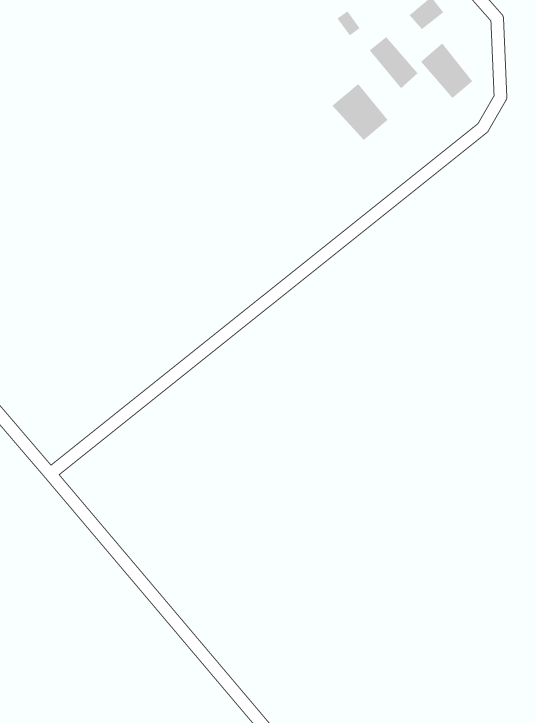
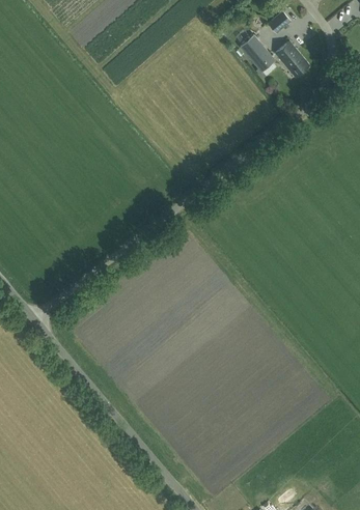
building: [331,83,388,141] -> none

